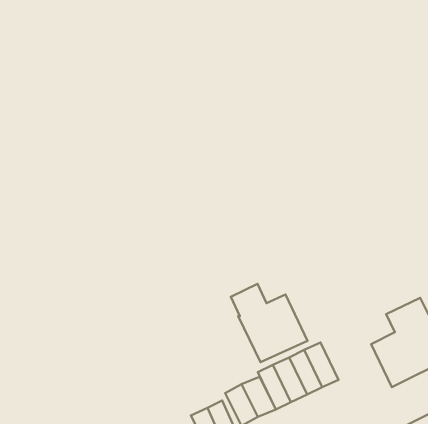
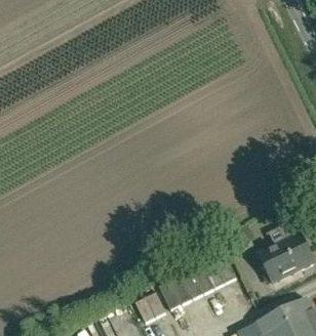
building: [231,284,308,362] -> none

